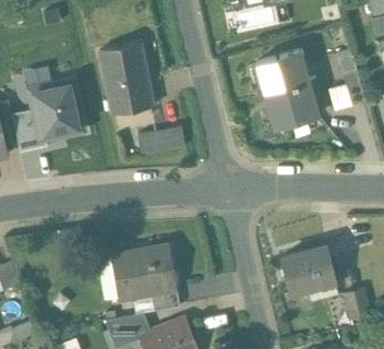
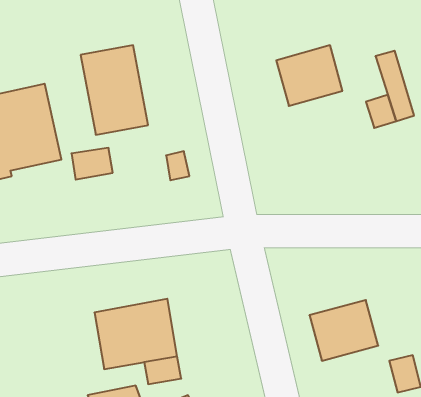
building: [265,80,317,127] -> none
building: [139,131,171,156] -> [71,148,113,180]

